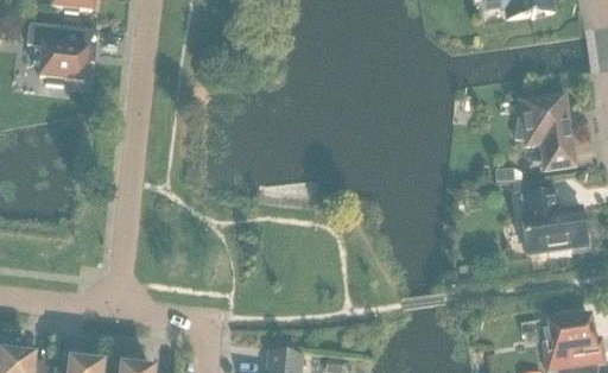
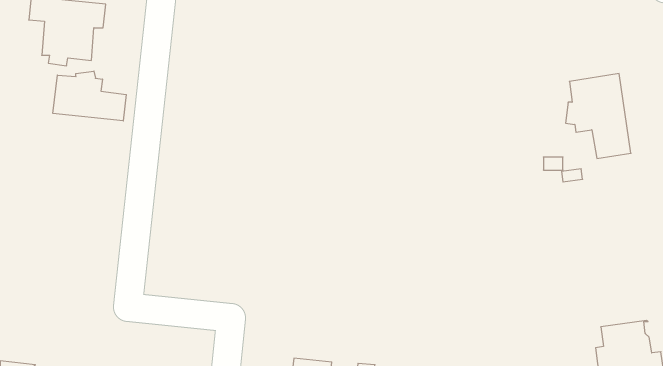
building: none -> [53,71,126,121]
building: [521,190,587,252] -> none

